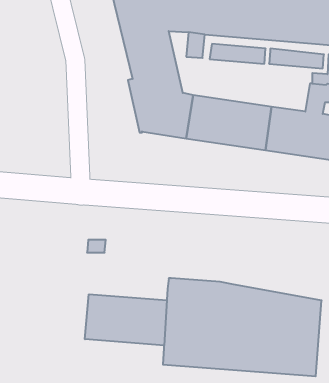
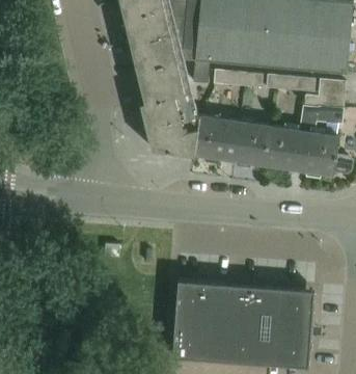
building: [85,294,167,345] -> none

